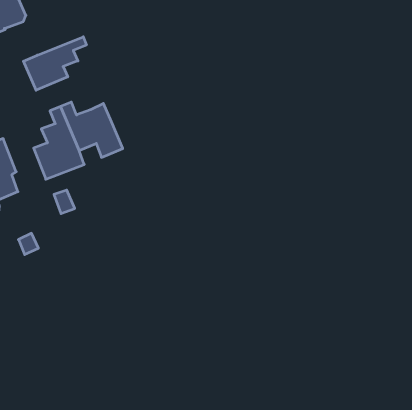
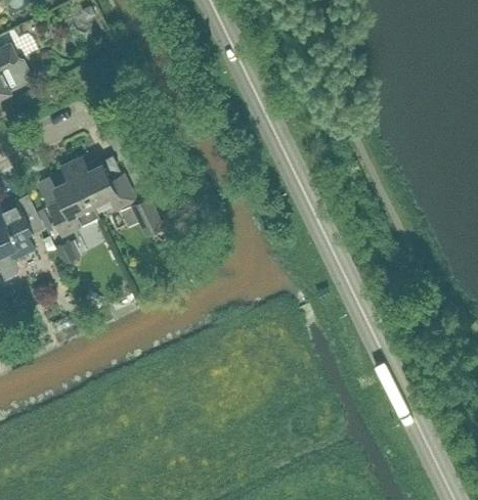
building: [23,37,86,90] -> none
building: none -> [130,198,162,237]

